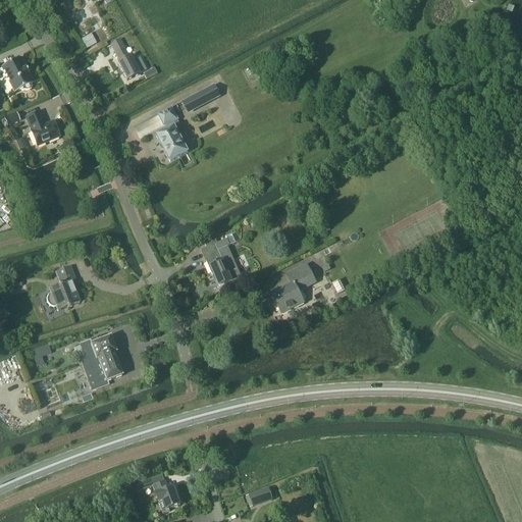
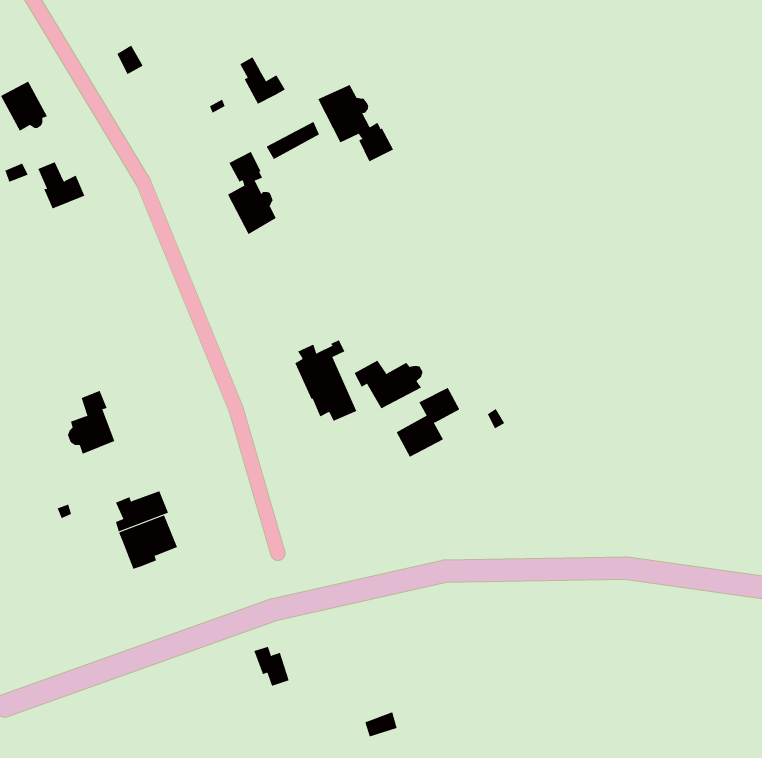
building: [114,46,146,79] -> [239,57,286,104]
building: none -> [317,84,394,162]
building: none -> [354,360,423,409]
building: [155,480,179,508] -> [253,646,289,687]

